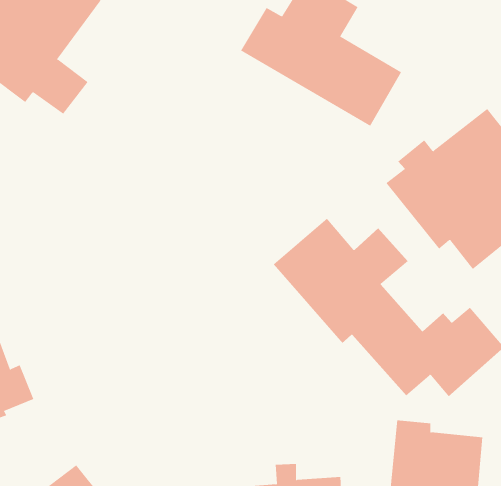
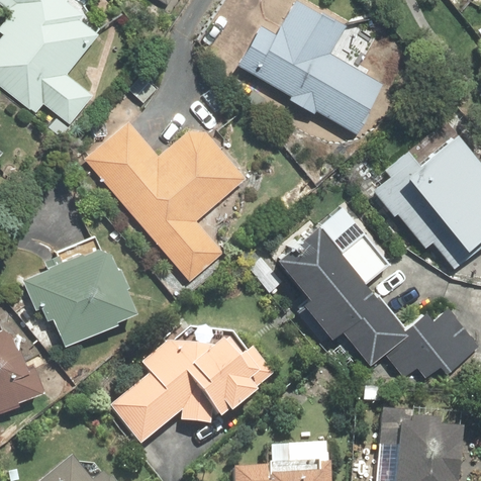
building: none -> [83,119,247,281]
building: none -> [20,239,140,347]
building: none -> [108,327,276,449]

